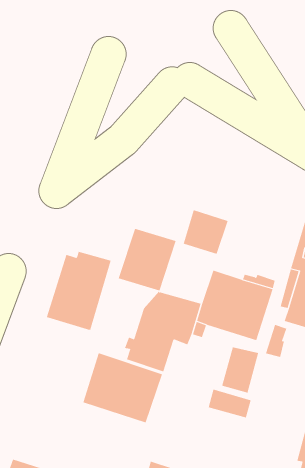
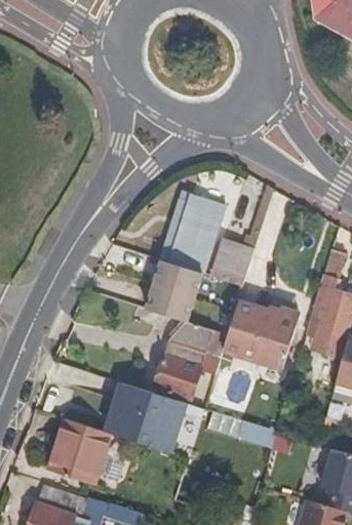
building: [46,251,112,330] -> [159,194,224,272]
building: [221,347,259,393] -> none
building: none -> [48,419,110,485]

